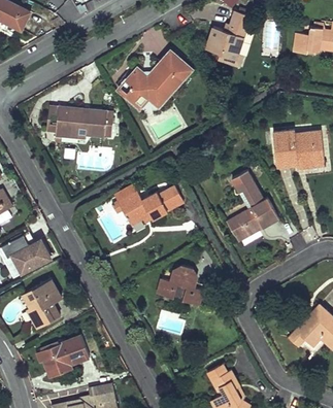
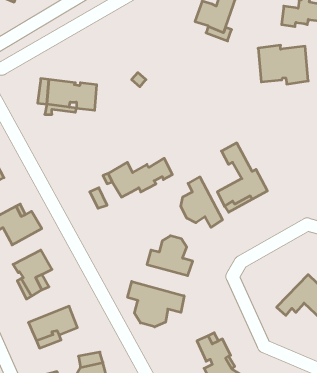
building: [125,54,190,105] -> none
building: [273,130,324,169] -> [258,45,308,84]
building: none -> [181,177,222,227]
building: none -> [128,281,184,327]

